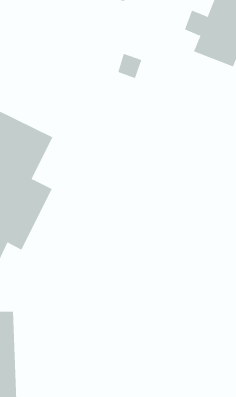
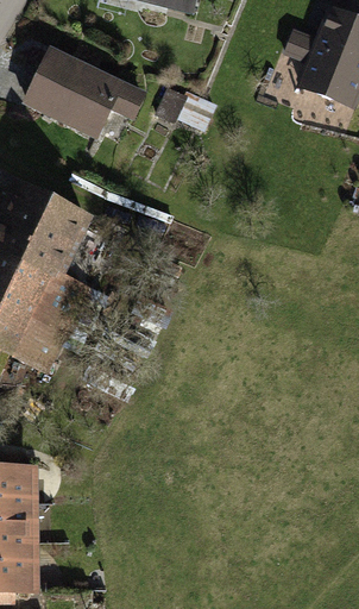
building: none -> [20,46,145,140]

